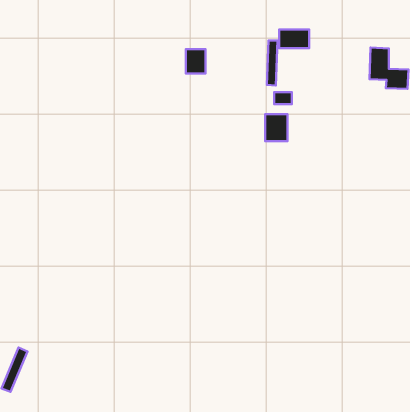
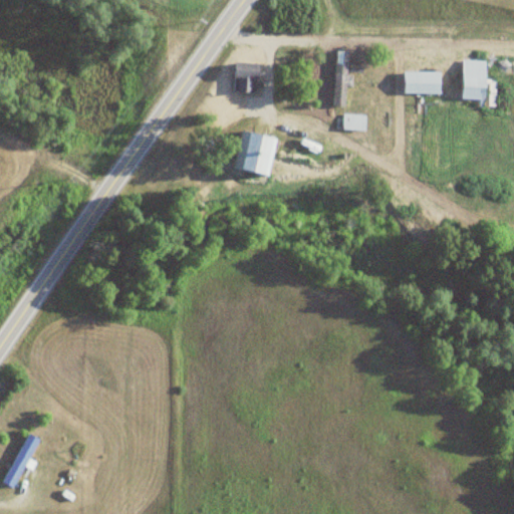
building: [279,29,309,48] -> [405,71,442,94]
building: none -> [235,131,276,174]
building: [265,114,288,141] -> none

